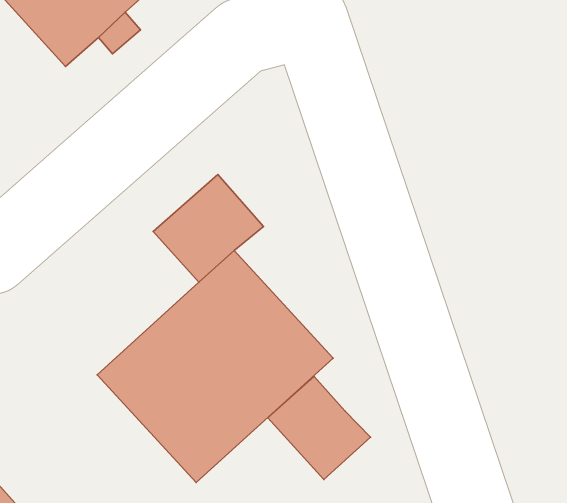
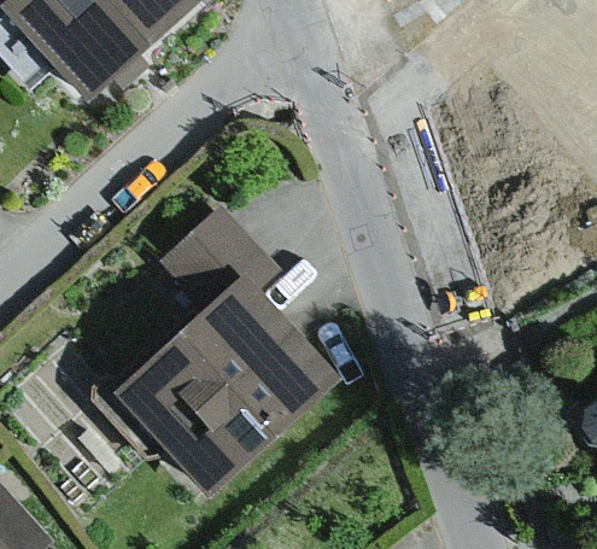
building: [268,377,370,480] -> none

